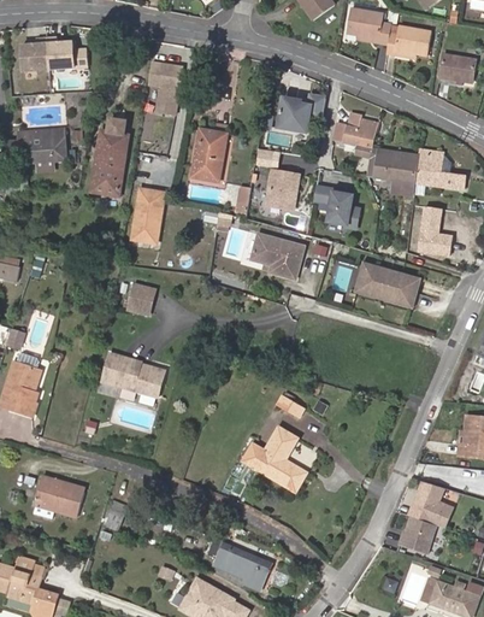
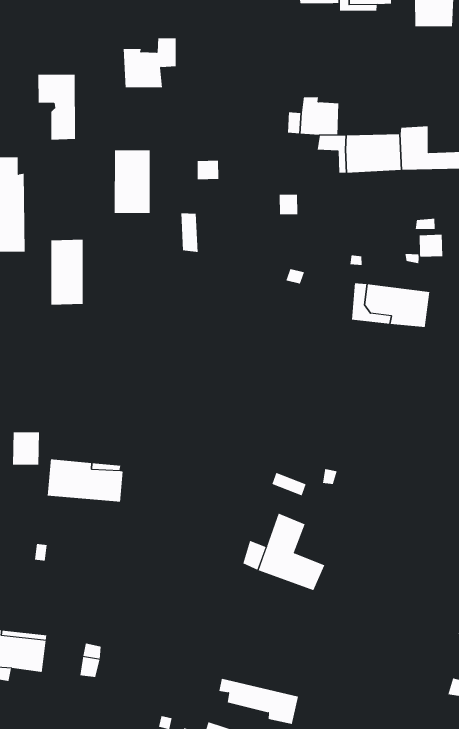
building: [279,95,325,134] -> [123,38,177,88]
building: [270,170,301,208] -> none
building: [330,188,361,227] -> none
building: [252,233,305,277] -> none
building: [130,283,155,312] -> [12,432,40,465]

